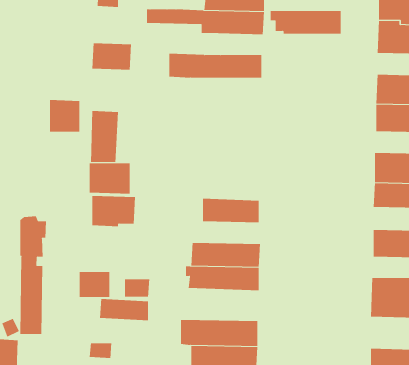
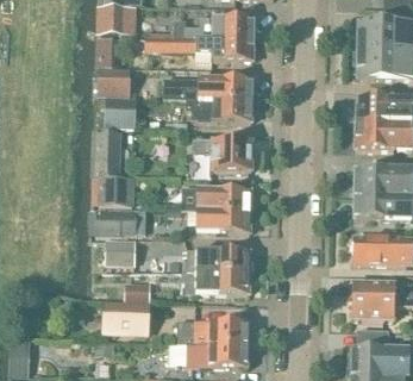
building: [270,11,341,34] -> [187,100,252,121]
building: [49,99,80,132] -> [106,98,134,127]
building: none -> [194,139,255,170]
building: none -> [182,187,251,212]
building: [20,216,46,335] -> none
building: [79,271,110,297] -> [106,241,134,264]

